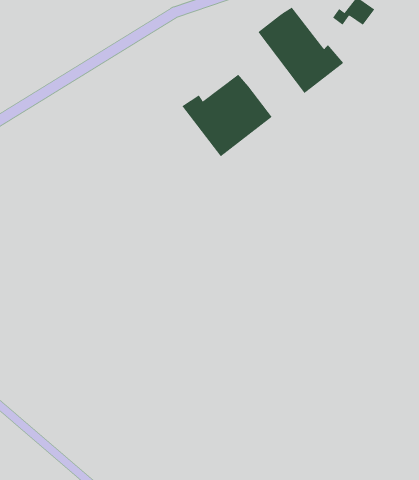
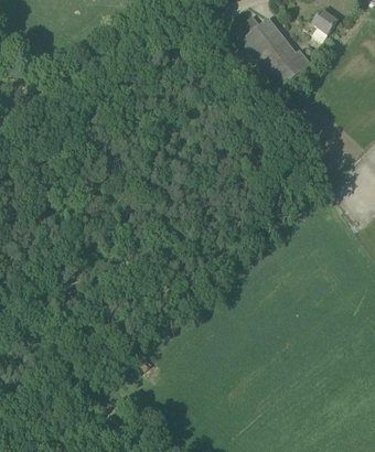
building: [181,74,273,157] -> none

